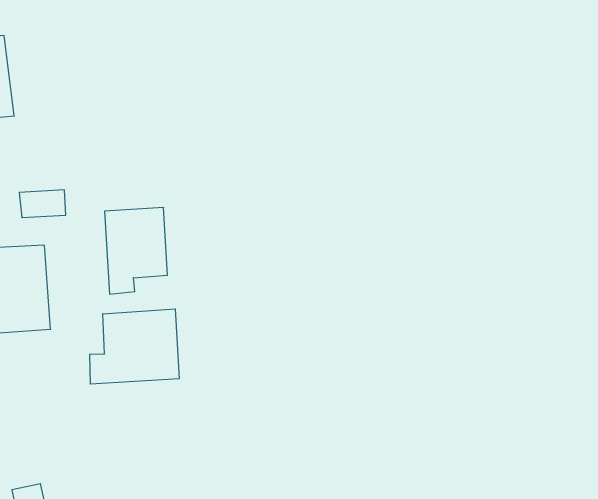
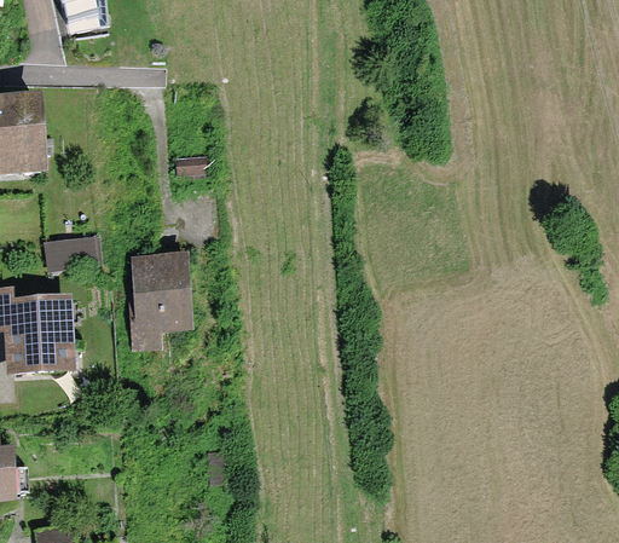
building: [90,309,179,384] -> none

